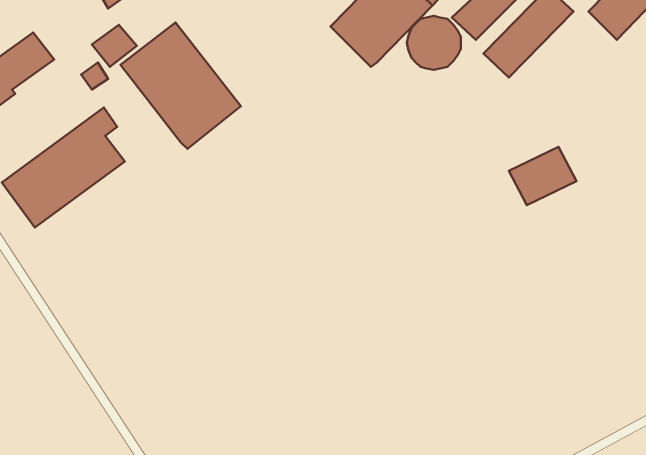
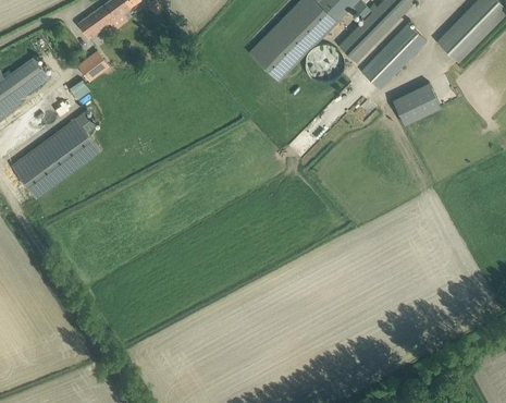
building: [121,23,241,149] -> none
building: [509,147,577,205] -> [392,83,441,125]

